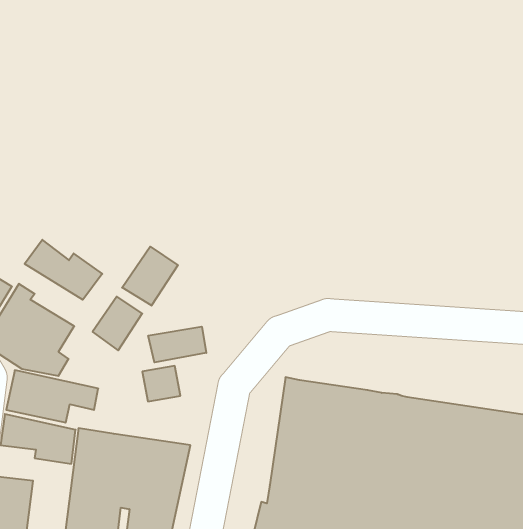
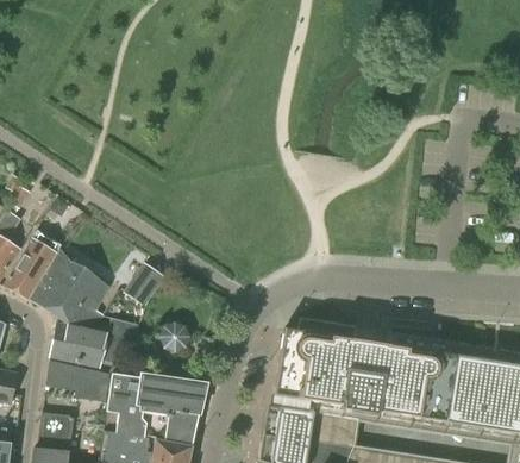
building: [25,240,102,300] -> none
building: [122,247,178,306] -> none
building: [148,327,206,362] -> none

